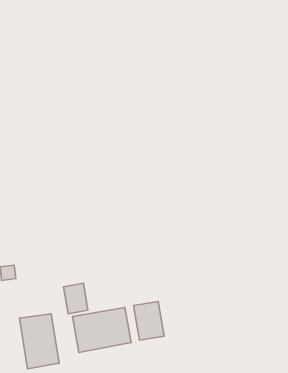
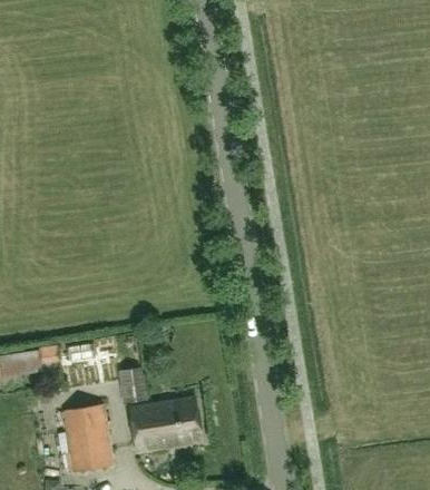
building: [133,302,164,340] -> none

